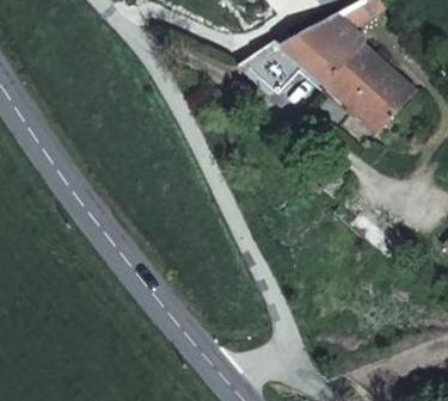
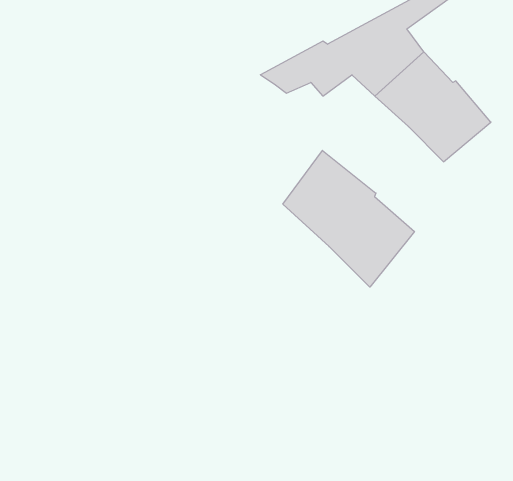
building: none -> [283,150,414,287]

